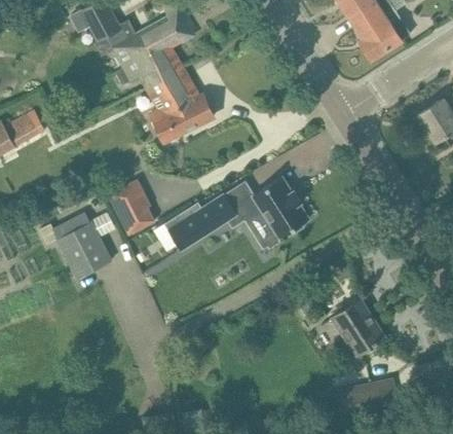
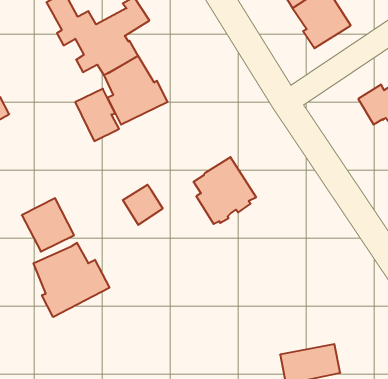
building: [107,180,154,237] -> [75,89,119,141]
building: [195,194,235,232] -> none
building: none -> [34,243,109,317]
building: [332,299,384,356] -> none

